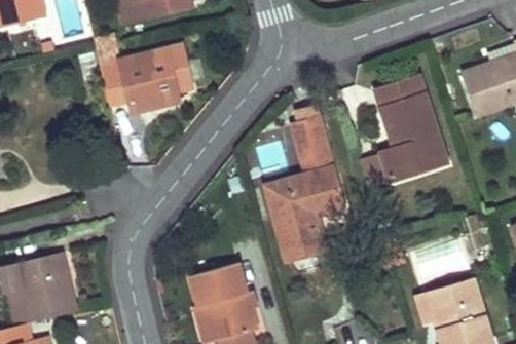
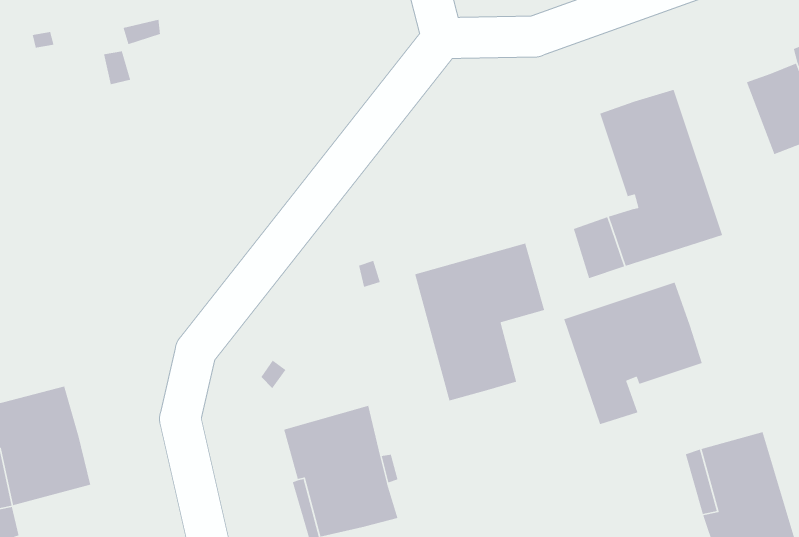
building: [102,48,191,115] -> none
building: [292,107,331,166] -> none
building: none -> [563,281,703,425]

